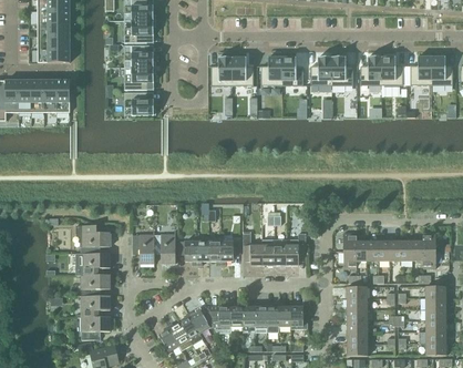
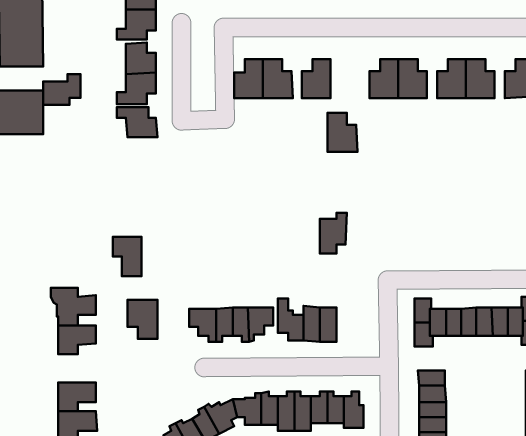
building: [282,57,305,85] -> [327,113,358,152]
building: none -> [43,74,81,105]
building: [155,234,176,263] -> [113,237,141,276]
building: [287,235,307,265] -> [320,213,347,253]
building: [82,274,110,295] -> none

